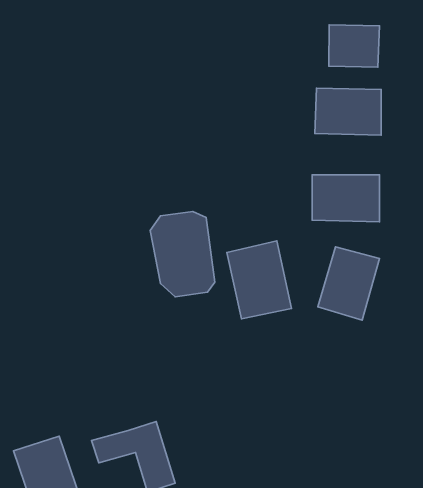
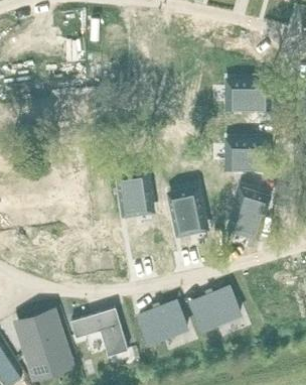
building: [329,25,379,67] -> none
building: none -> [191,288,239,330]
building: none -> [138,303,185,344]

